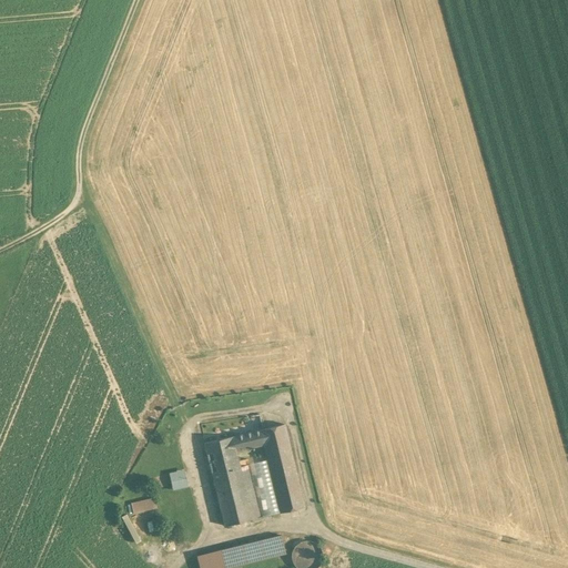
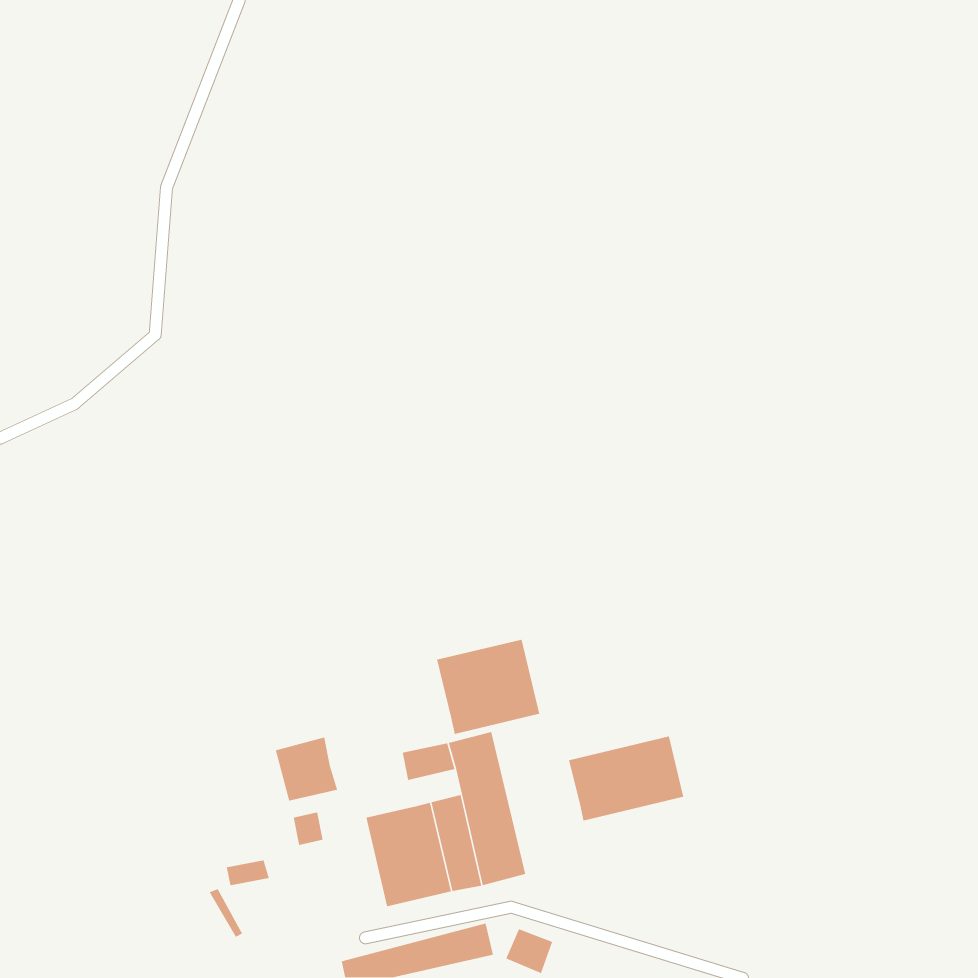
building: none -> [436,639,540,735]
building: none -> [568,736,684,821]
building: [204,436,241,474] -> [275,737,338,802]

